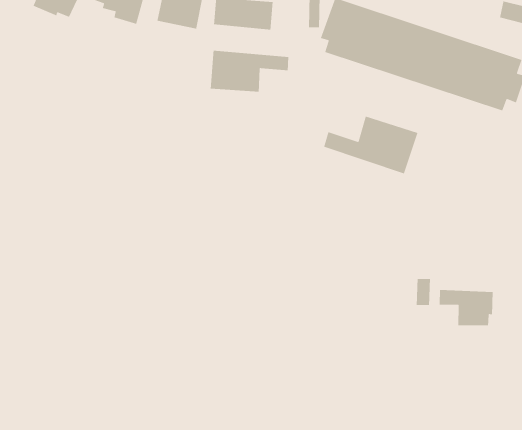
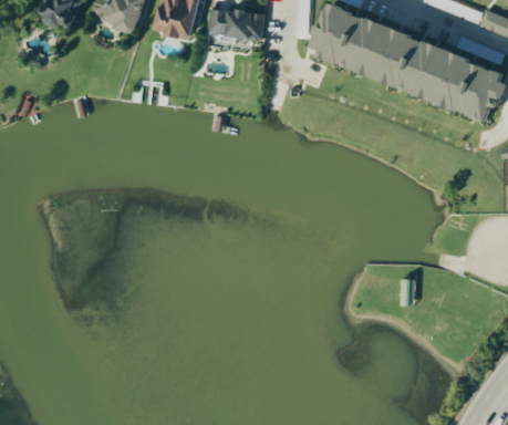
building: [210,50,289,93] -> none
building: [323,115,419,175] -> none
building: [439,289,494,326] -> none

